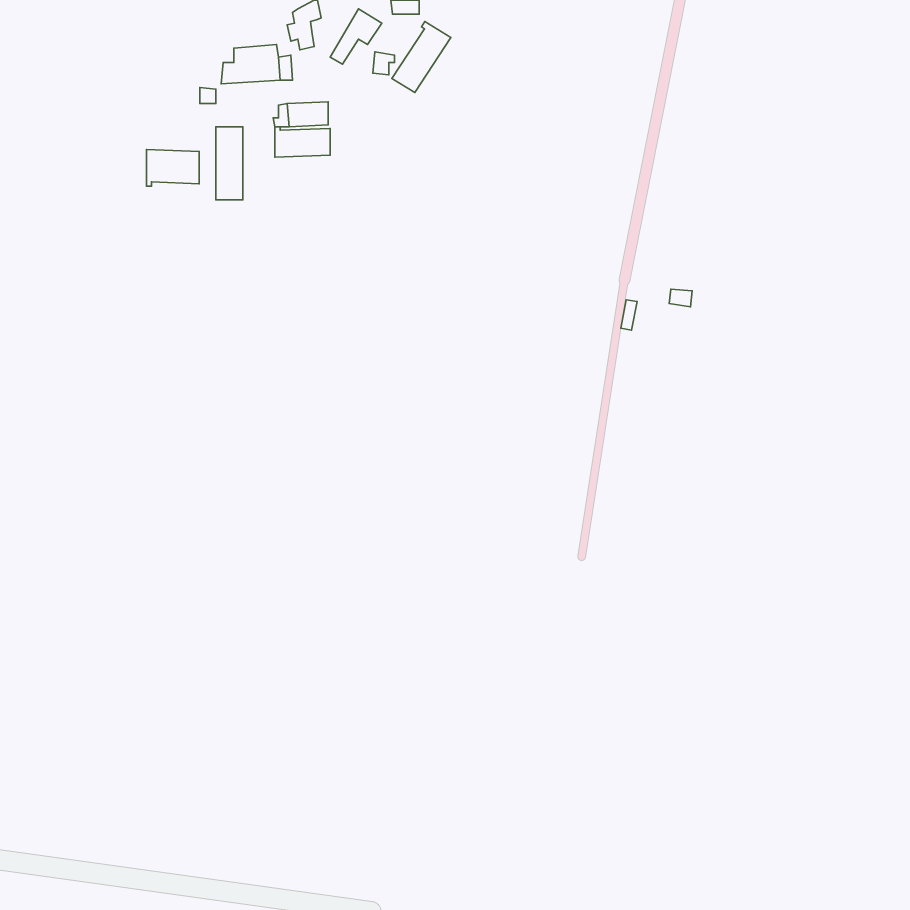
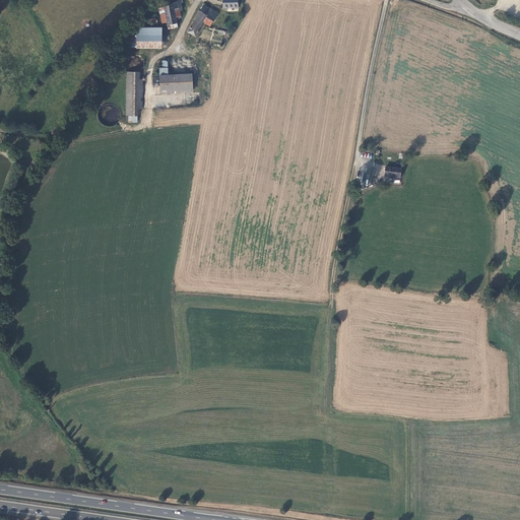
building: [392,21,451,93] -> none
building: [146,149,199,186] -> none

